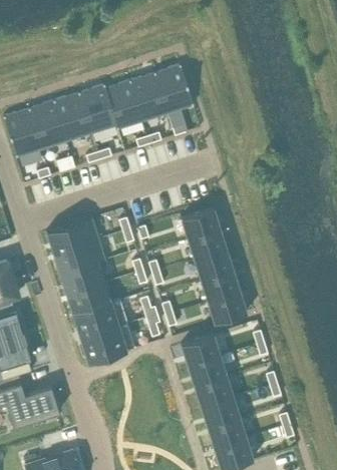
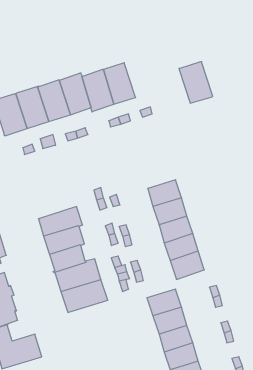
building: [154,65,194,113] -> [179,62,213,103]
building: [46,217,99,254] -> none

